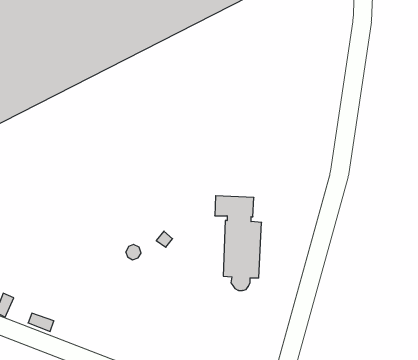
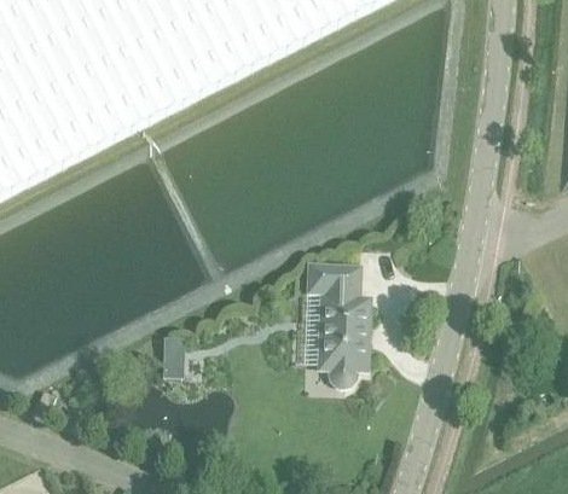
building: none -> [162,339,185,379]

